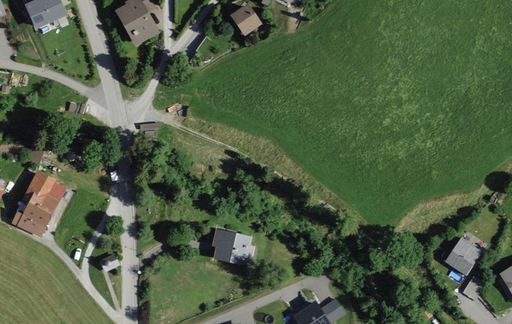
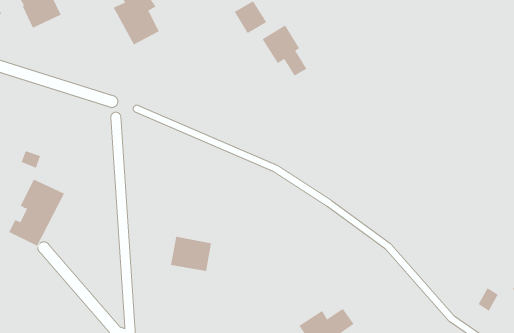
building: none -> [262,24,307,76]
building: [214,228,254,262] -> [170,236,212,272]
building: [448,240,482,276] -> none

